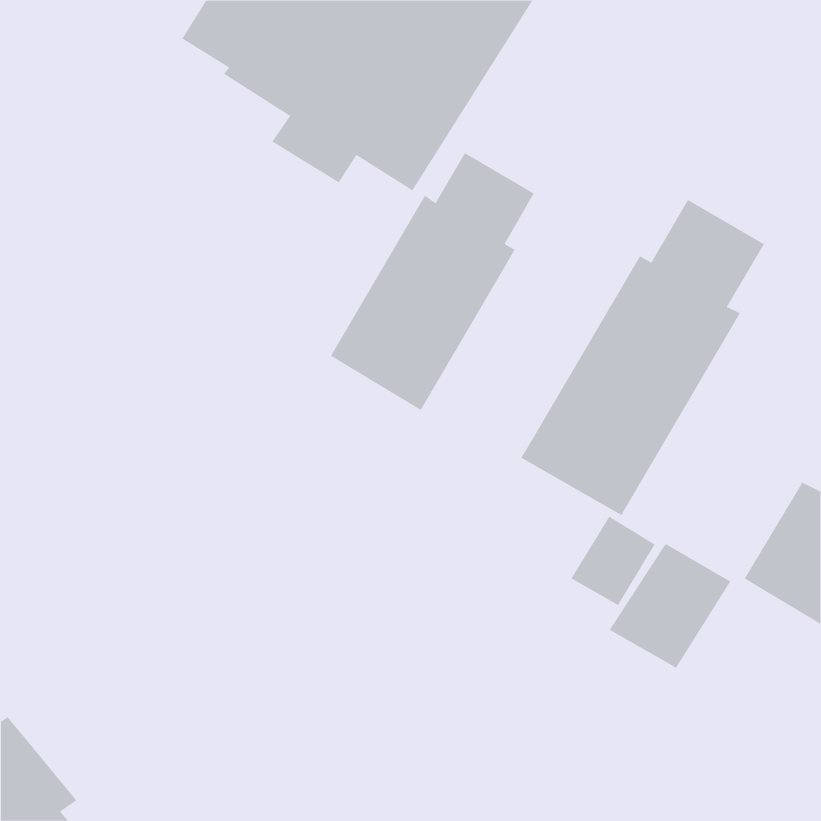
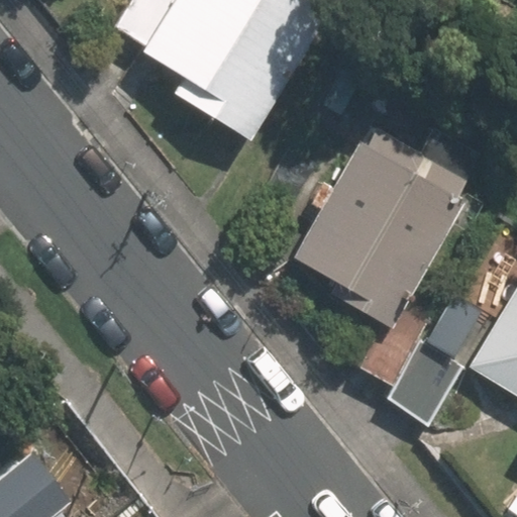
building: [330,152,535,411] -> none

